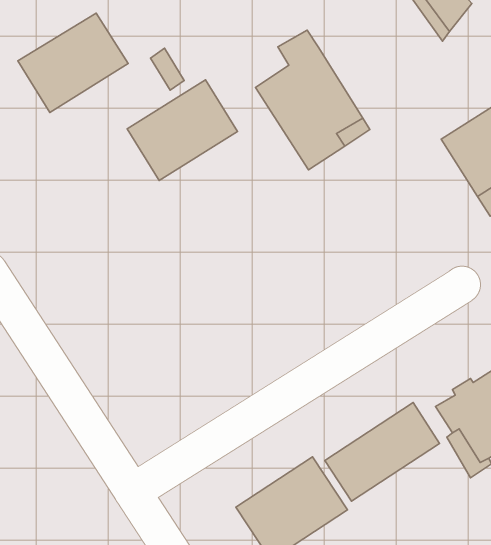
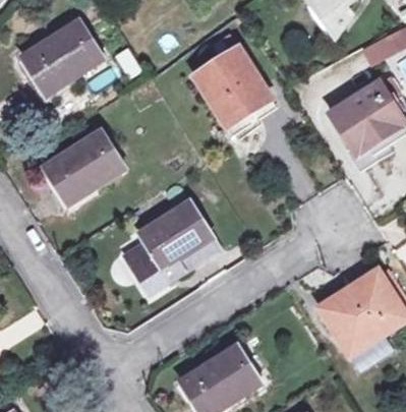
building: [127,80,238,181] -> [44,129,124,202]
building: none -> [124,200,219,293]
building: [325,403,440,501] -> none

